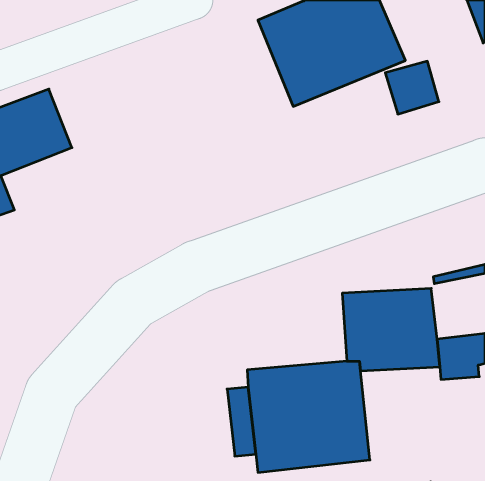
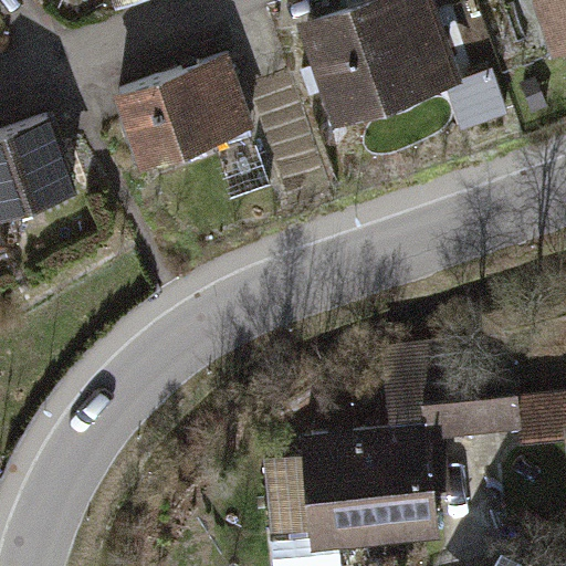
building: none -> [115,54,256,172]

